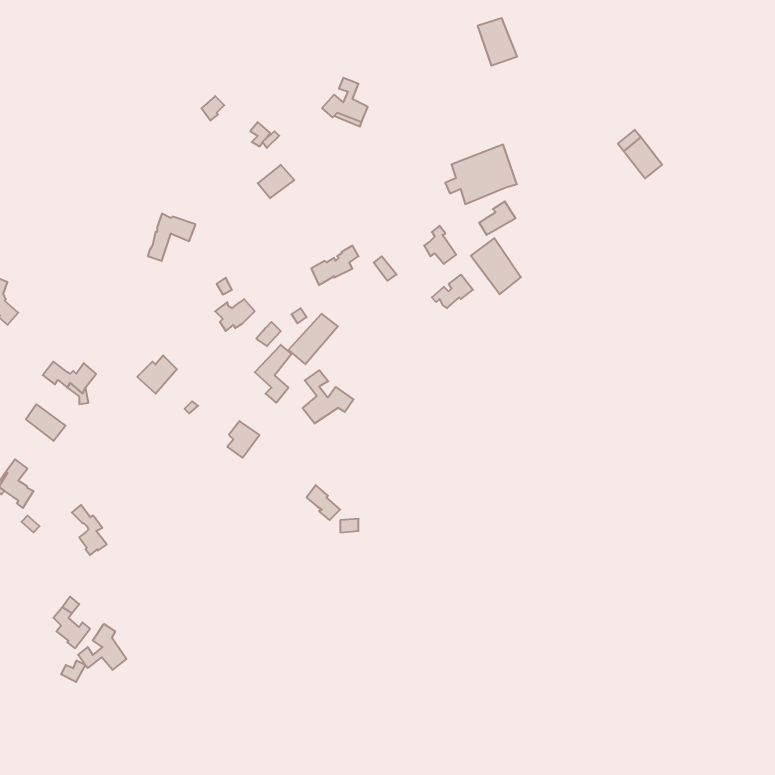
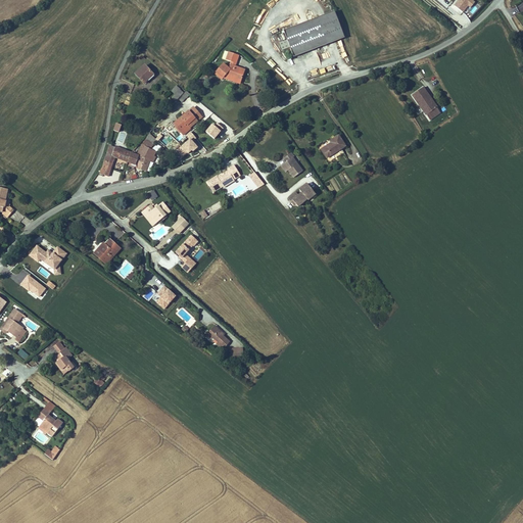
building: [445,145,517,204] -> [281,17,329,57]
building: none -> [127,138,156,171]
building: [471,238,521,294] -> none
building: [289,314,338,364] -> none
building: [303,370,354,424] -> none
building: [78,624,126,670] -> none

